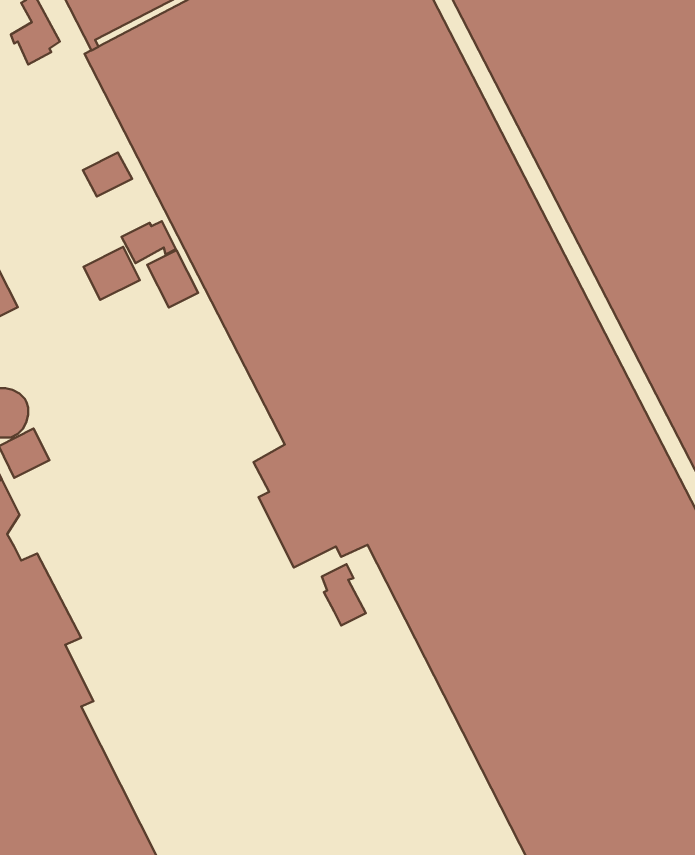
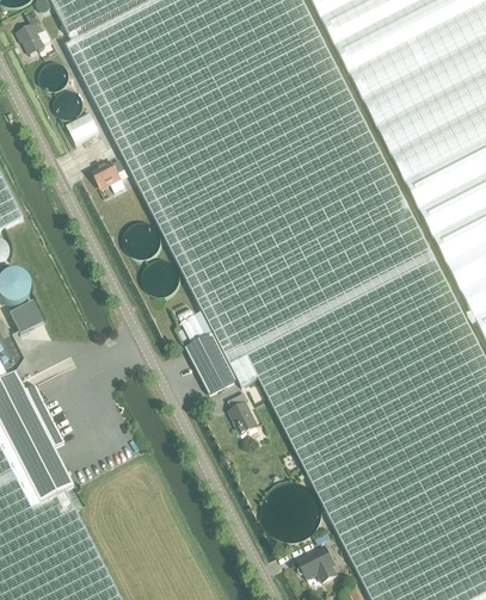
building: [83,247,140,300] -> none
building: [147,250,198,308] -> none
building: none -> [297,546,337,582]

